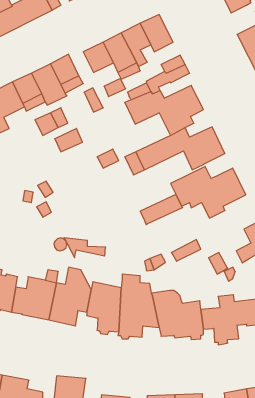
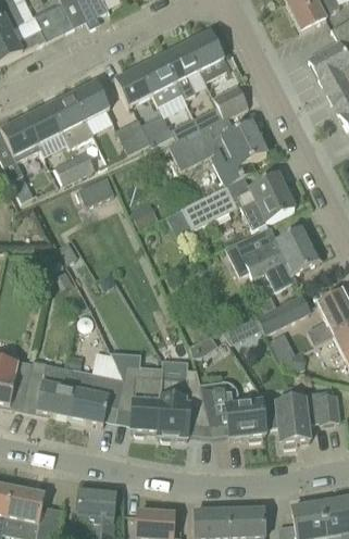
building: none -> [126,118,172,149]
building: [140,195,183,225] -> [257,294,310,333]
building: [64,238,106,258] -> [111,353,163,378]

